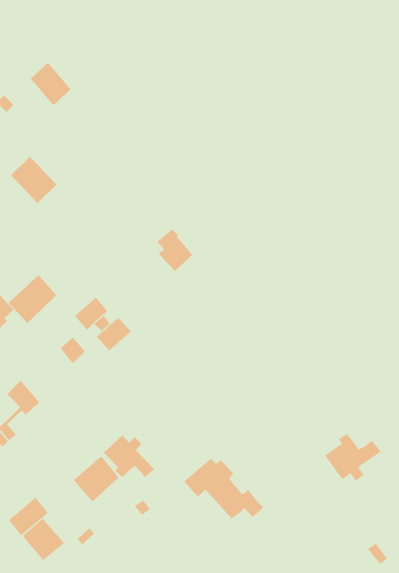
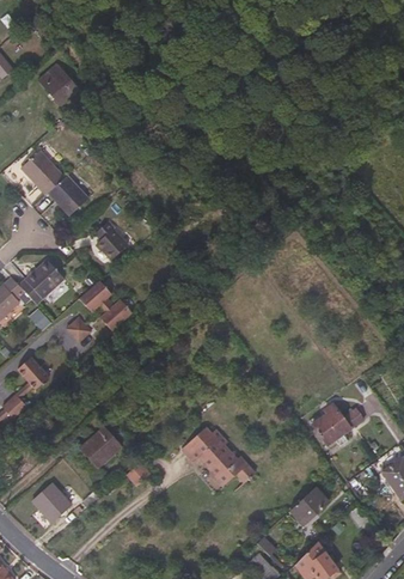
building: none -> [48,175,88,215]
building: [157,229,193,272] -> [94,220,128,260]
building: [103,434,155,478] -> none
building: [8,497,49,536] -> none
building: none -> [290,487,329,524]

